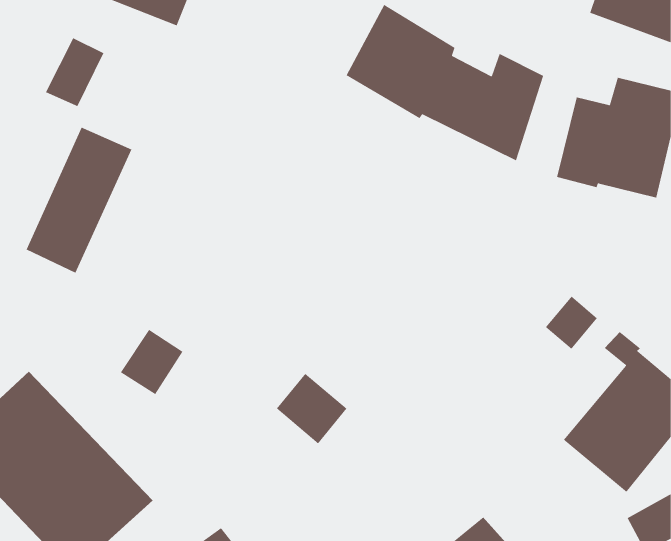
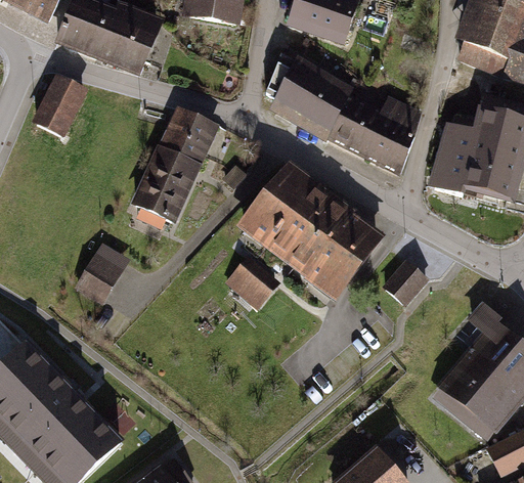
building: [25,127,133,274] -> [136,108,219,222]
building: none -> [242,165,375,293]
building: [545,296,598,350] -> [385,261,426,303]
building: [120,329,183,395] -> [73,254,122,305]
building: [276,373,347,444] -> [224,254,279,309]

